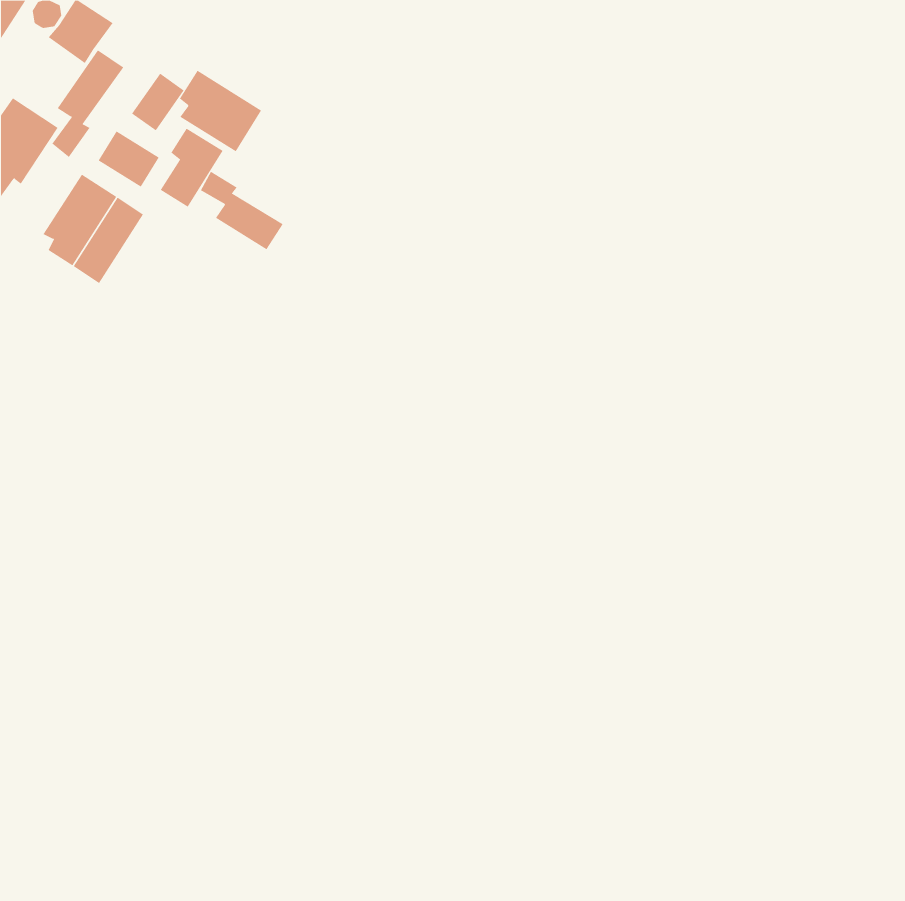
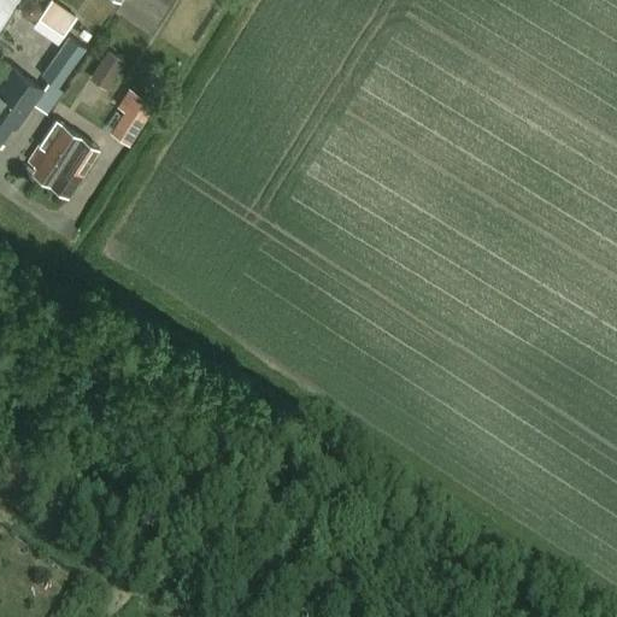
building: [179,70,262,152] -> none
building: [98,130,159,188] -> none
building: [200,171,284,250] -> none

